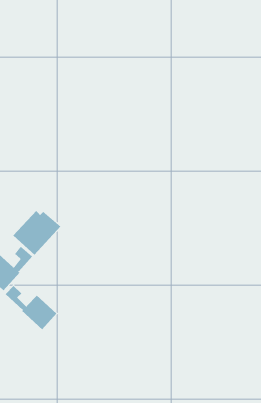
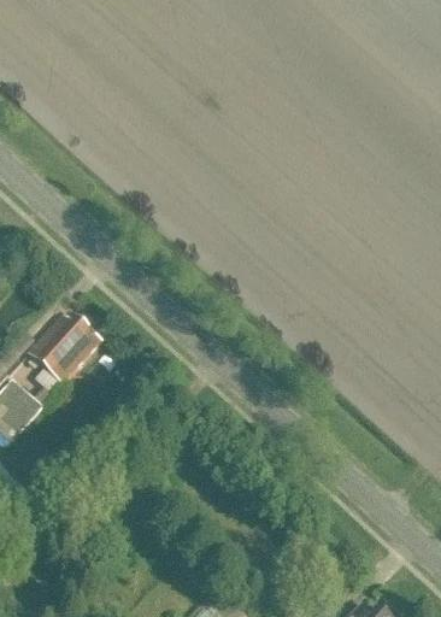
building: [5,285,57,330] -> none

